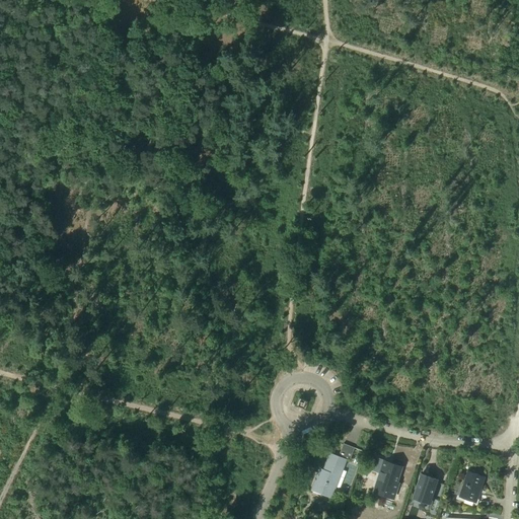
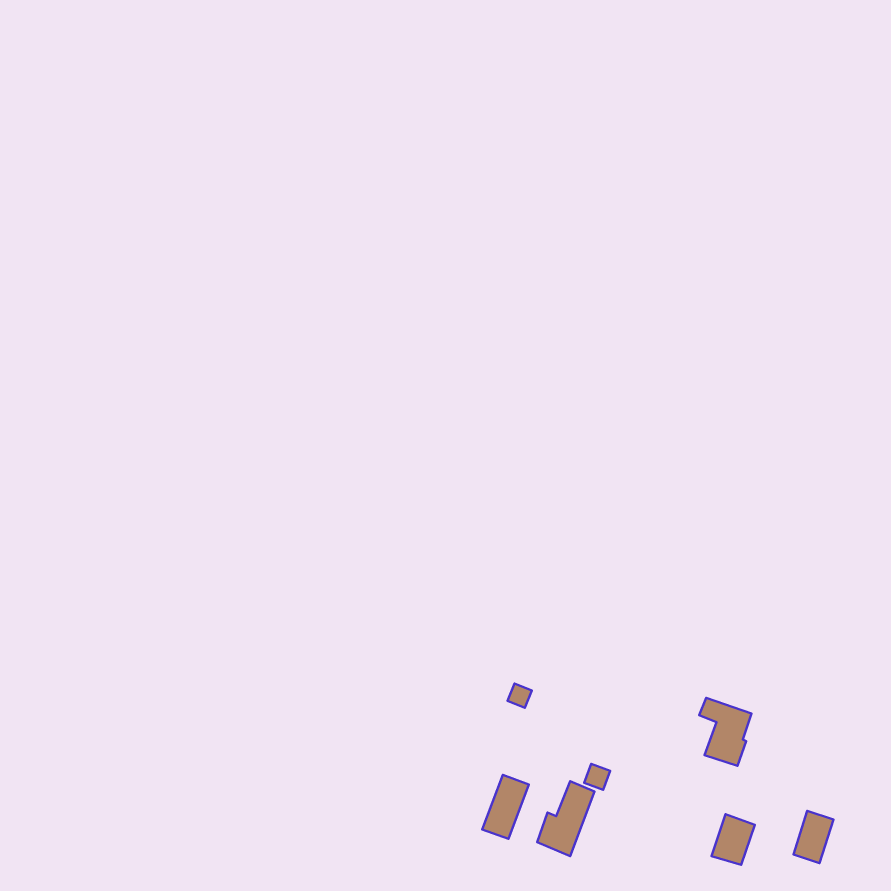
building: none -> [482,775,529,839]
building: [371,458,401,498] -> [699,698,752,766]

